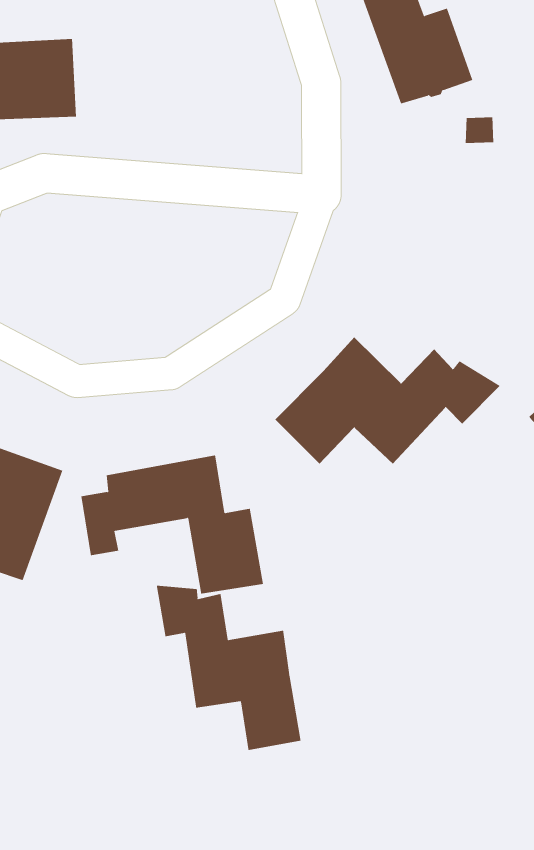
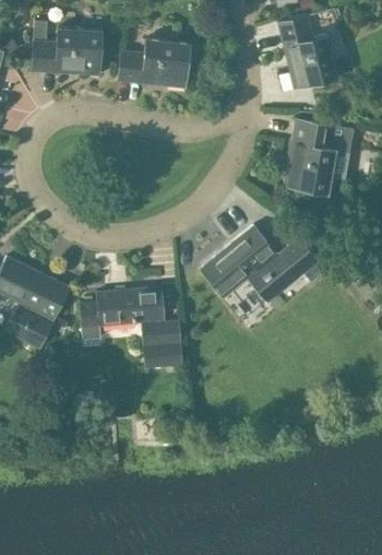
building: none -> [117,38,191,90]
building: none -> [283,118,355,194]
building: [156,585,301,751] -> none

